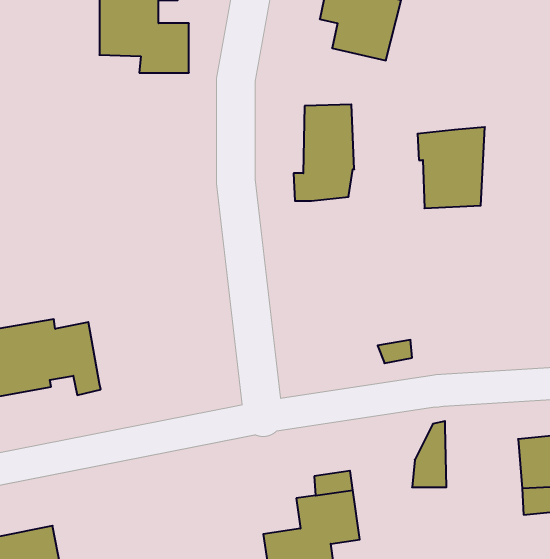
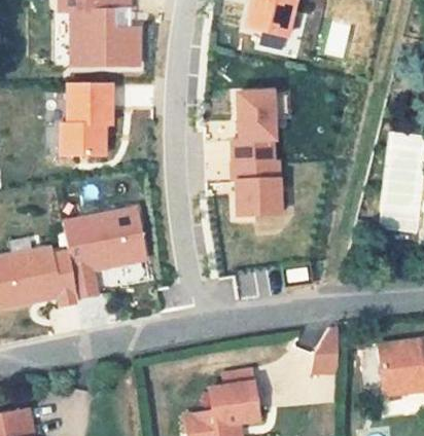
building: none -> [60,83,111,155]
building: [417,127,485,208] -> [236,157,286,218]
building: none -> [63,209,145,299]

